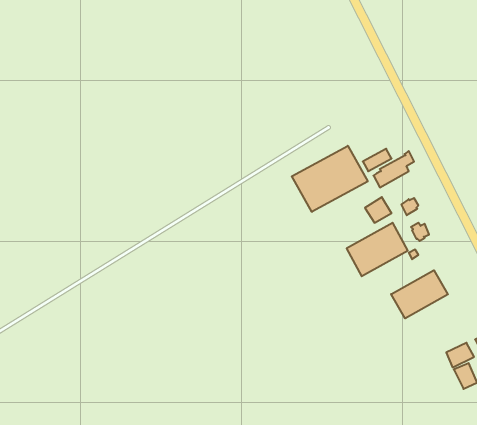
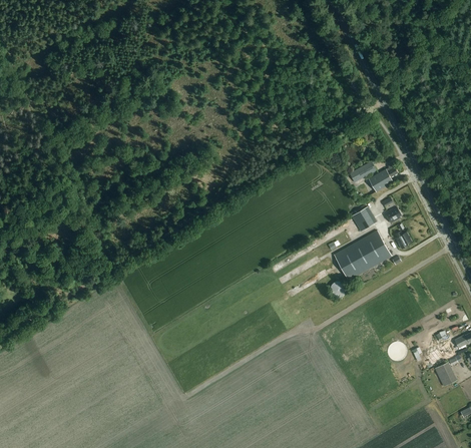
building: [292,146,368,212] -> none
building: [391,270,448,318] -> none

